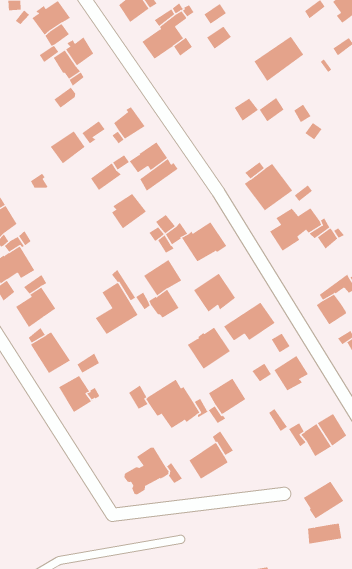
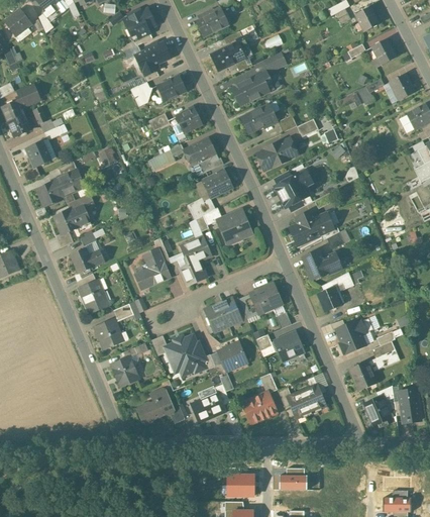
building: [254,36,304,82] -> [231,71,274,105]
building: none -> [240,103,275,132]
building: none -> [255,136,297,170]
building: [50,130,86,164] -> [156,75,186,101]
building: [111,193,147,229] -> [203,169,232,197]
building: none -> [302,249,341,279]
building: [193,273,236,312] -> none
building: none -> [111,346,138,386]
building: [303,481,344,519] -> [243,392,277,421]
building: none -> [227,474,253,495]

